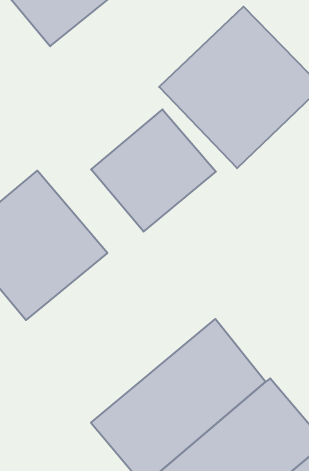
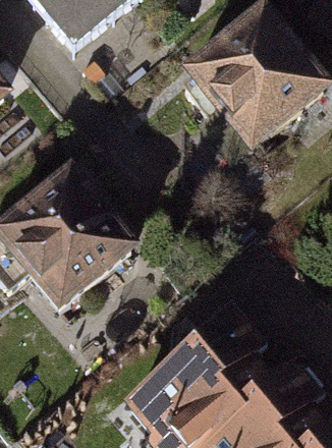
building: [91,109,216,232] -> none

